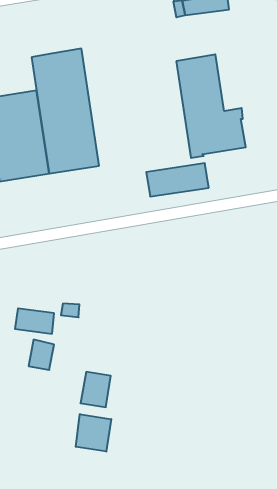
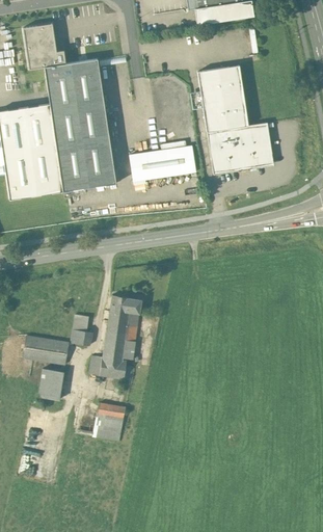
building: none -> [22,23,65,70]
building: [146,163,209,196] -> [129,145,195,181]
building: none -> [90,293,144,378]
building: [76,414,111,452] -> none

